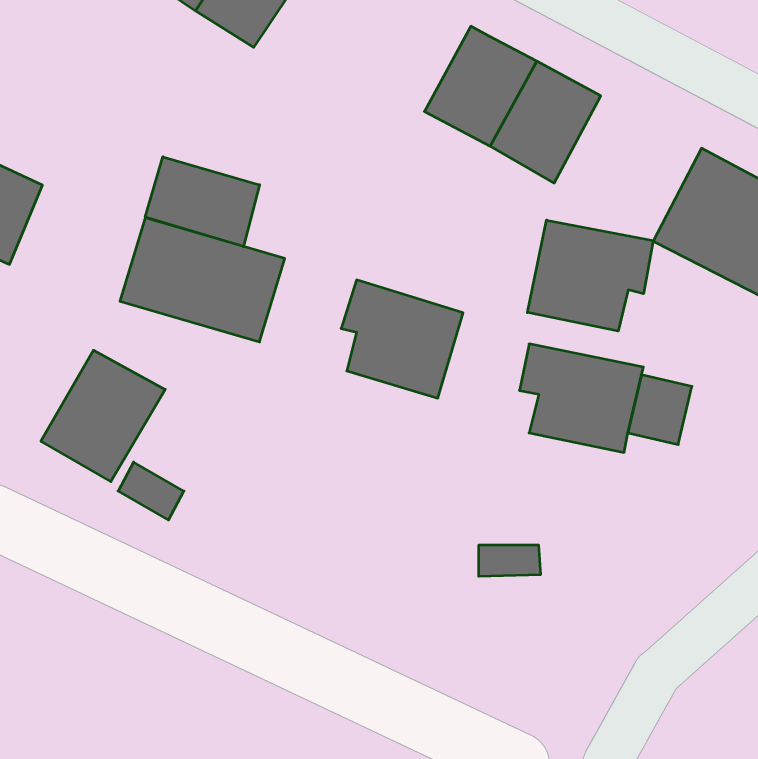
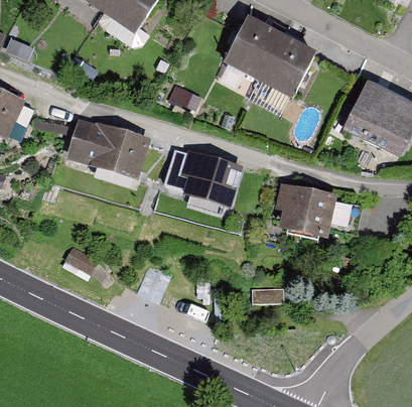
building: [145,157,260,247] -> none
building: [527,220,653,331] -> none
building: [41,350,165,482] -> none

